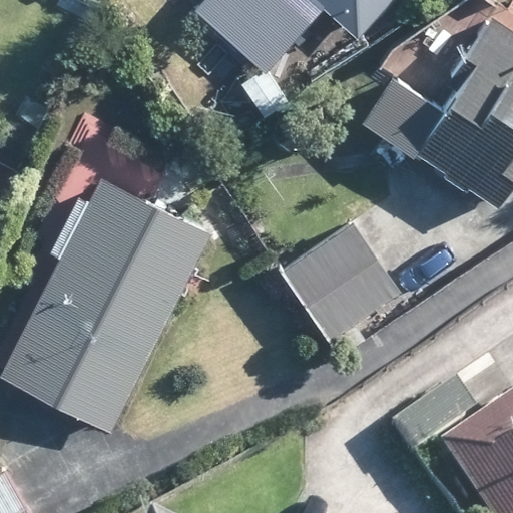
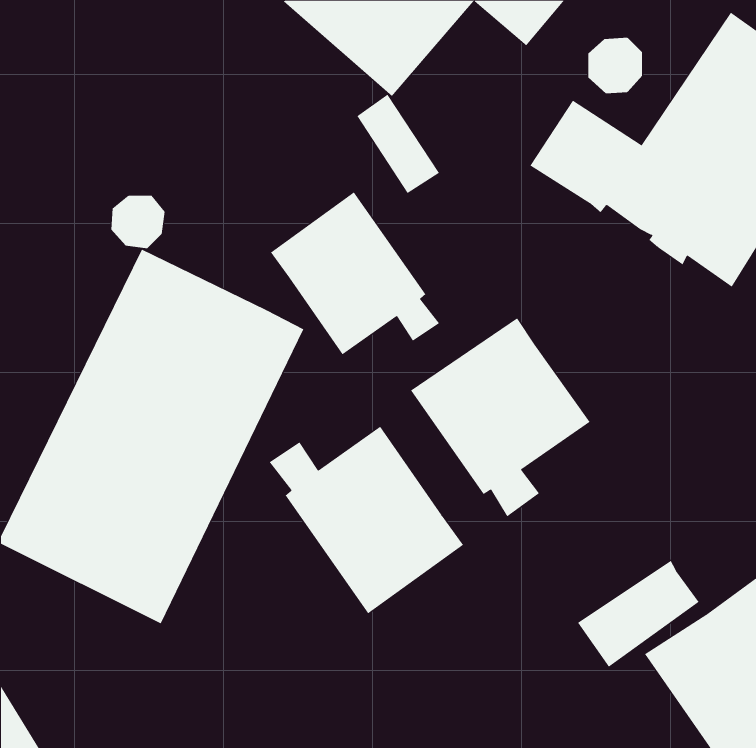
building: none -> [270,192,440,355]
building: none -> [269,426,464,614]

